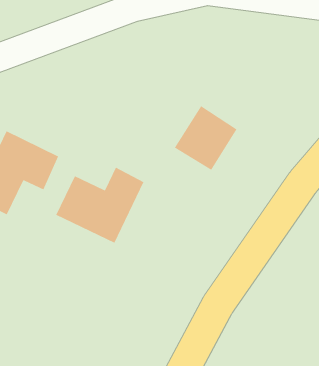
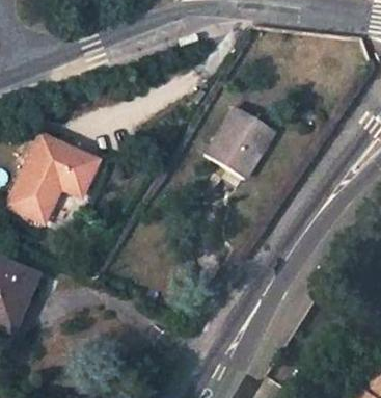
building: [55,167,145,244] -> none

